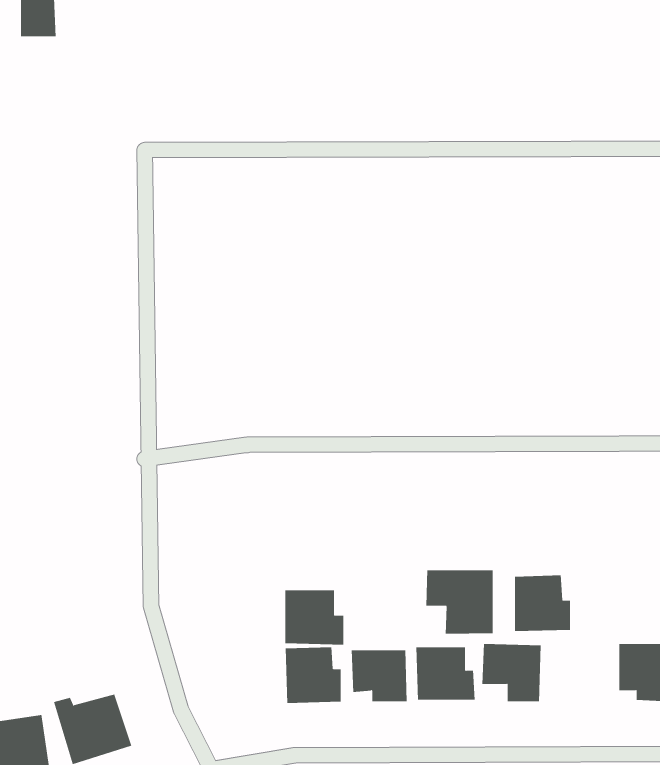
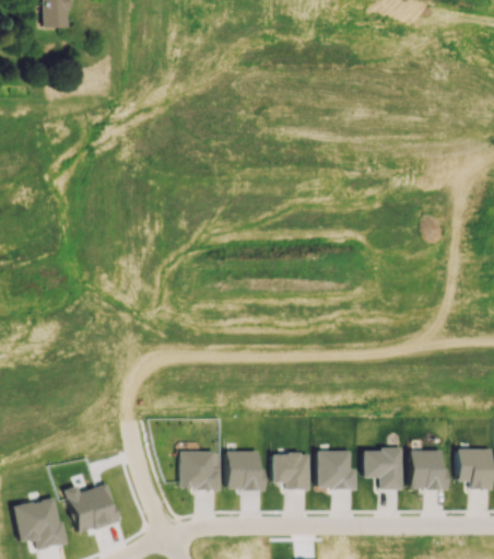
building: [426,570,493,634] -> none
building: [514,575,571,632] -> [410,450,449,489]
building: [284,590,344,645] -> [180,451,222,489]

